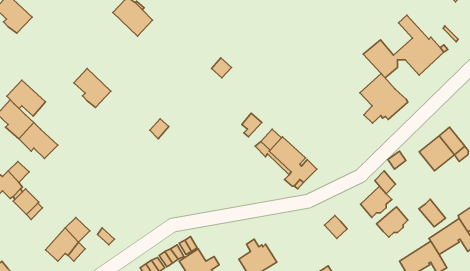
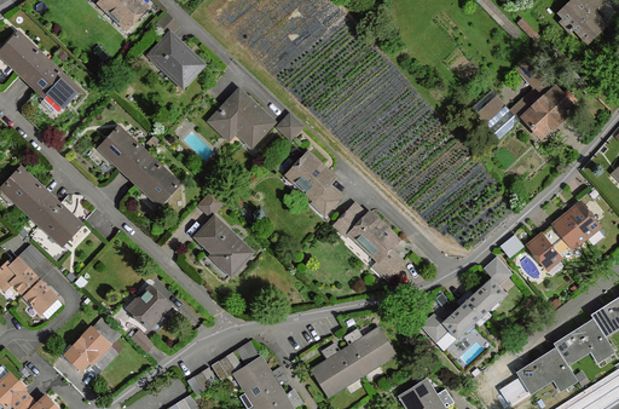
building: none -> [212,92,272,144]
building: [360,73,408,123] -> none
building: [7,80,46,116] -> [29,62,79,108]
building: none -> [289,155,332,198]
building: none -> [129,156,179,202]
building: none -> [196,217,253,275]
building: none -> [127,286,169,328]
building: [419,199,445,227] -> [527,234,561,269]
building: [377,207,408,237] -> [441,300,481,339]
building: none -> [346,328,394,374]

